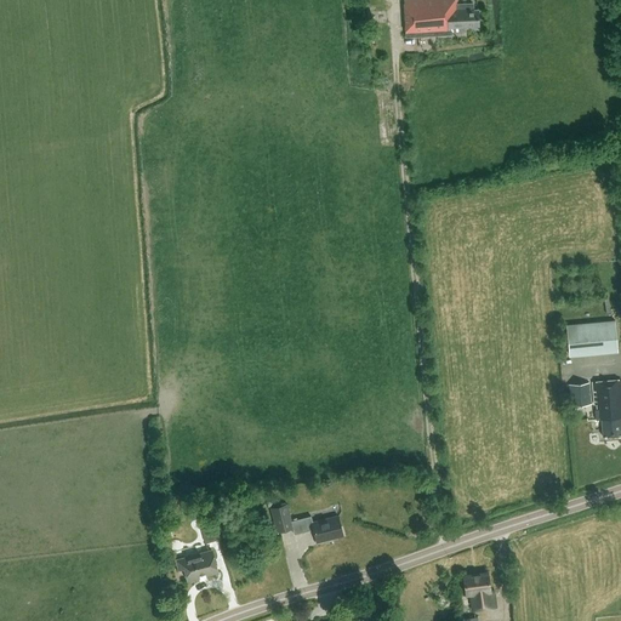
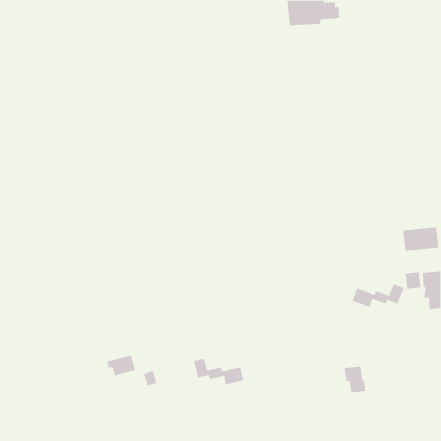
building: none -> [352,284,404,308]
building: [177,549,218,580] -> [107,355,136,376]
building: [463,572,495,610] -> [344,366,366,393]

